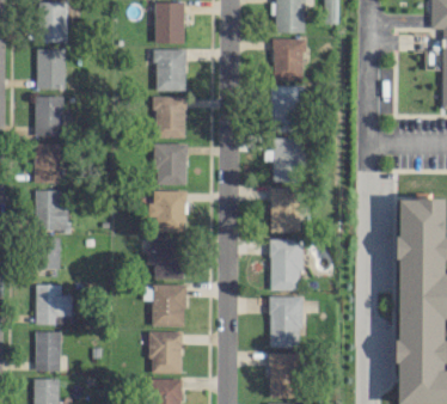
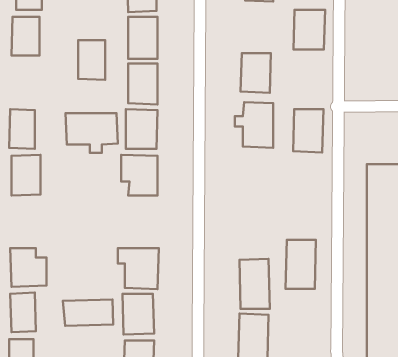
building: [273,39,305,80] -> [293,10,325,50]
building: [35,97,62,137] -> [78,40,105,80]
building: none -> [66,113,118,153]
building: [270,189,301,233] -> [293,109,323,152]
building: [36,238,60,270] -> none
building: [149,238,183,280] -> none
building: [271,240,302,290] -> [286,240,316,289]
building: none -> [63,299,113,326]

